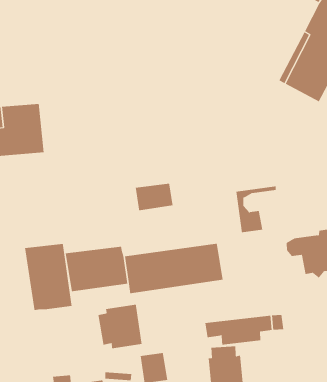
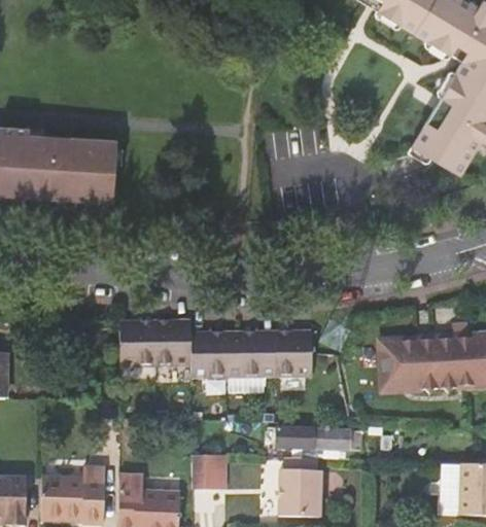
building: [135,183,173,211] -> none
building: [235,186,277,233] -> [379,336,429,386]
building: [25,243,72,311] -> none
building: [98,304,142,349] -> none

